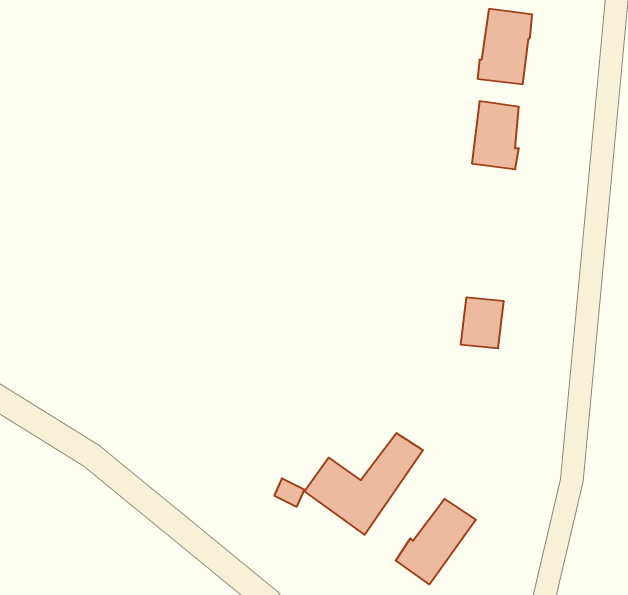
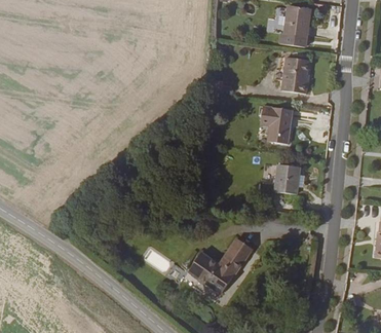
building: none -> [258,108,290,145]
building: [396,499,476,584] -> none

